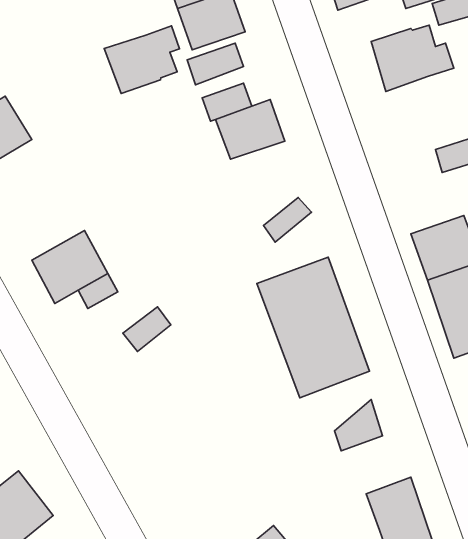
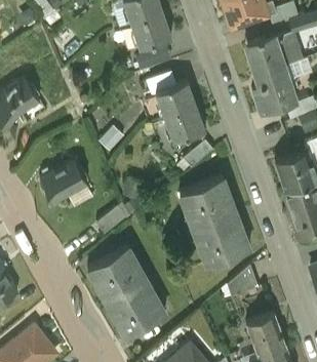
building: [104,26,180,94] -> none
building: none -> [250,66,296,115]
building: none -> [162,106,205,143]
building: none -> [89,248,164,336]

